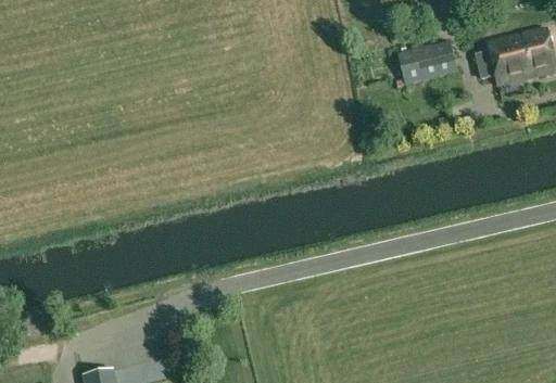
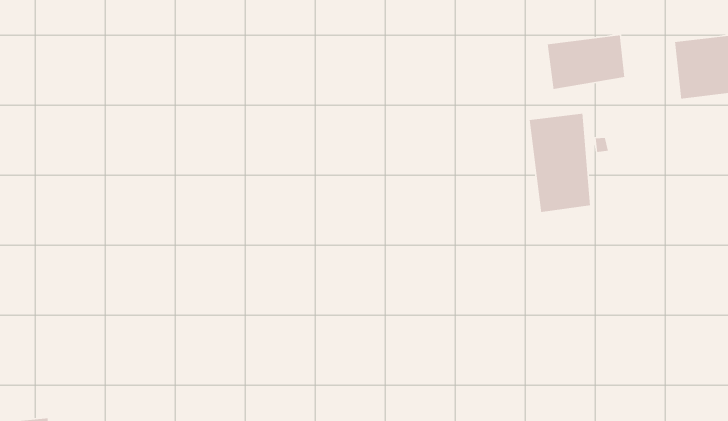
building: none -> [529,113,591,213]

